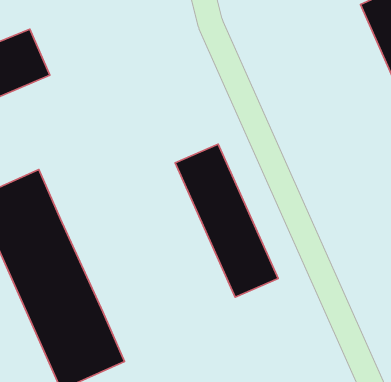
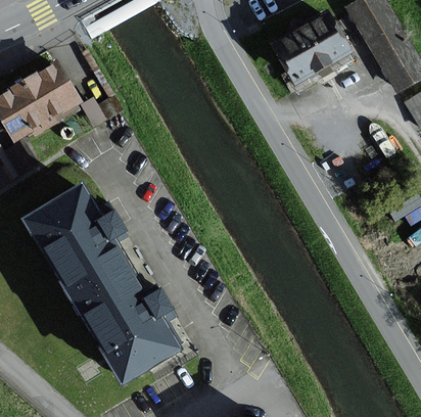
building: none -> [272,13,350,83]
building: [175,144,278,297] -> none

